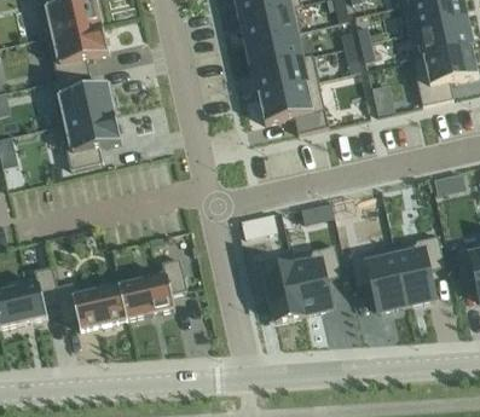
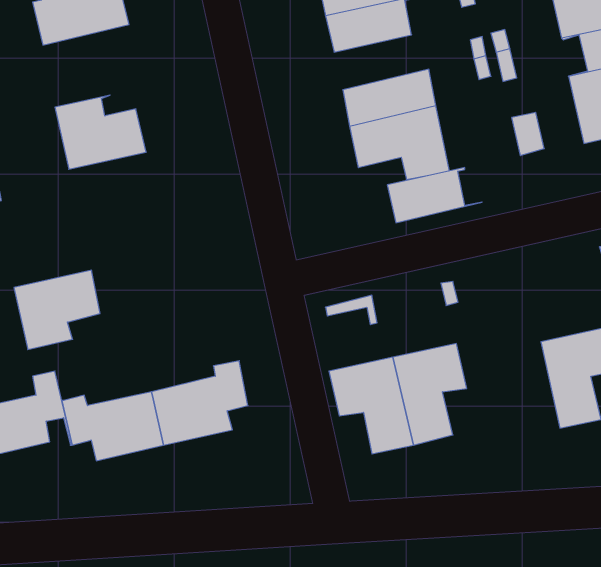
building: [42,23,109,81] -> none
building: [247,30,313,69] -> [387,168,482,223]
building: [60,112,121,168] -> [14,270,100,350]
building: [347,245,405,313] -> none

